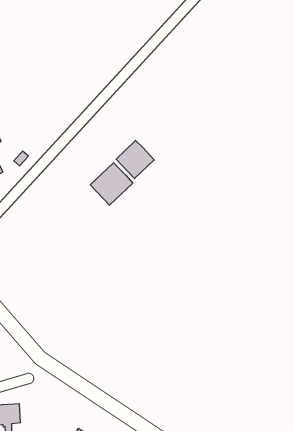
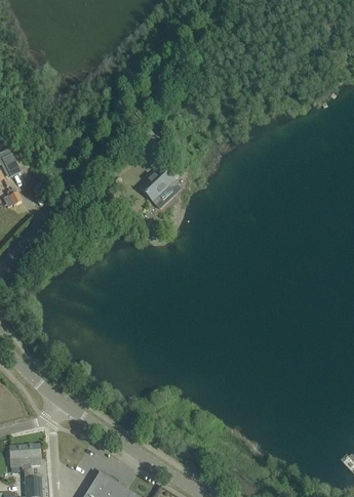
building: [90,163,133,205] -> none

